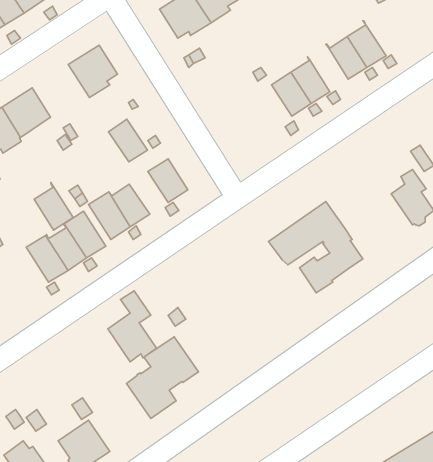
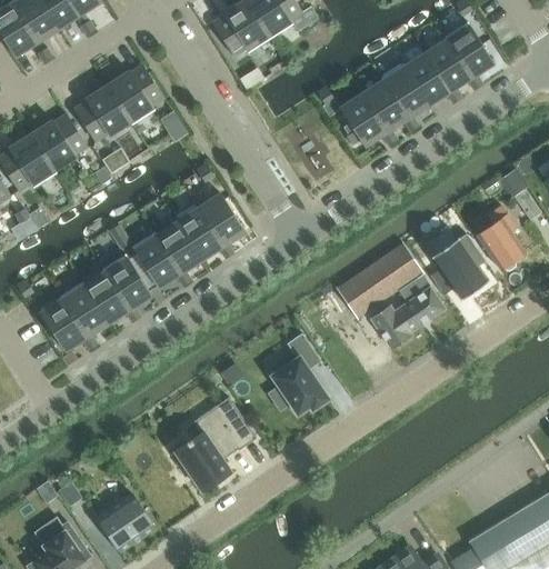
building: none -> [446,22,493,77]
building: none -> [381,63,428,118]
building: none -> [73,87,132,142]
building: [108,119,147,162] -> [178,209,222,258]
building: [34,183,73,230] -> [41,296,86,350]
building: none -> [431,234,488,299]
building: [108,291,157,362] -> [274,333,330,415]

